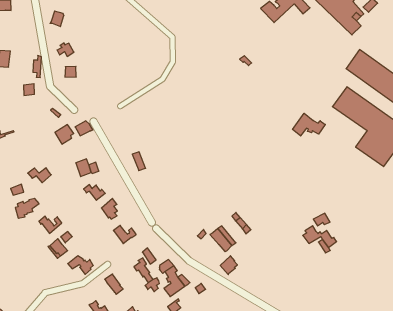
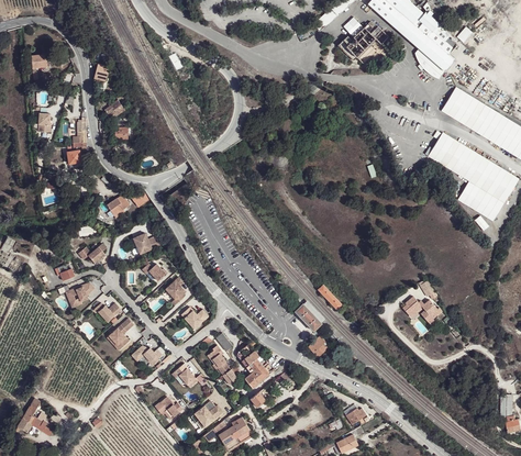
building: [293,113,325,136] -> none

